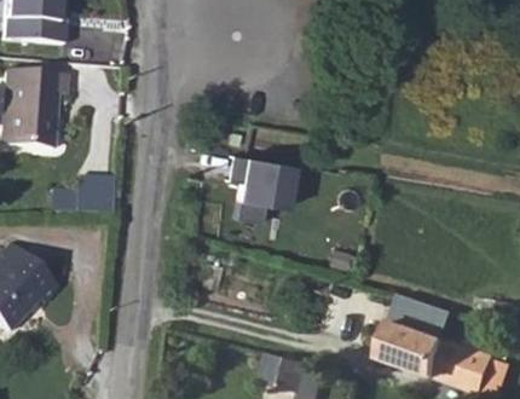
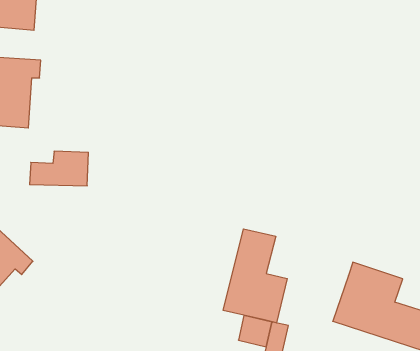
building: [236,150,289,204] -> none
building: none -> [223,229,287,323]

